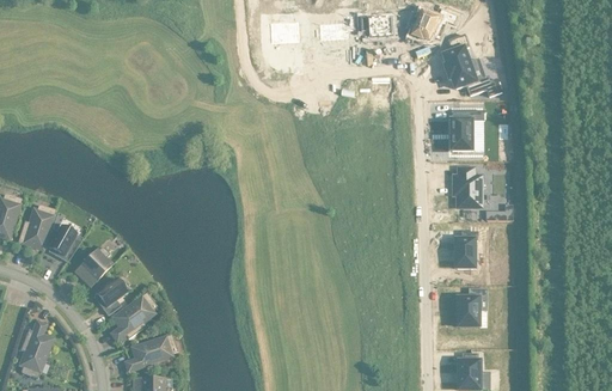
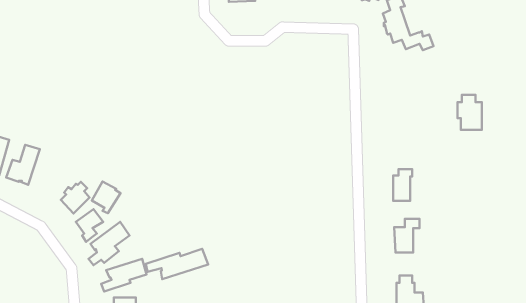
building: [451,110,483,151] -> none
building: [453,167,481,207] -> [458,95,482,130]
building: [49,226,81,262] -> [92,181,120,213]
building: [19,320,53,378] -> none
building: none -> [146,249,208,279]

